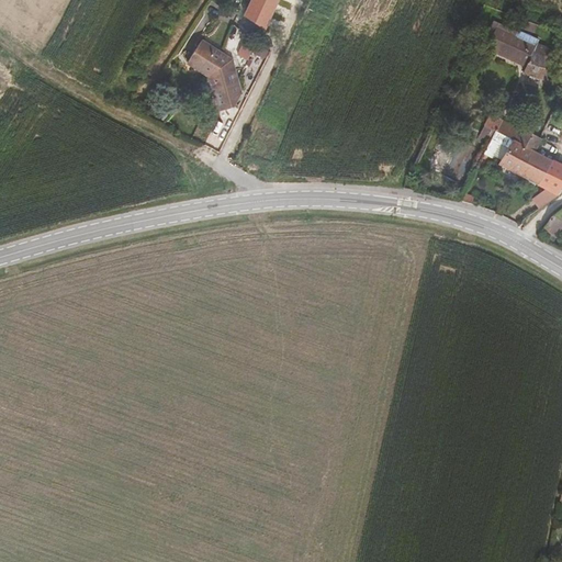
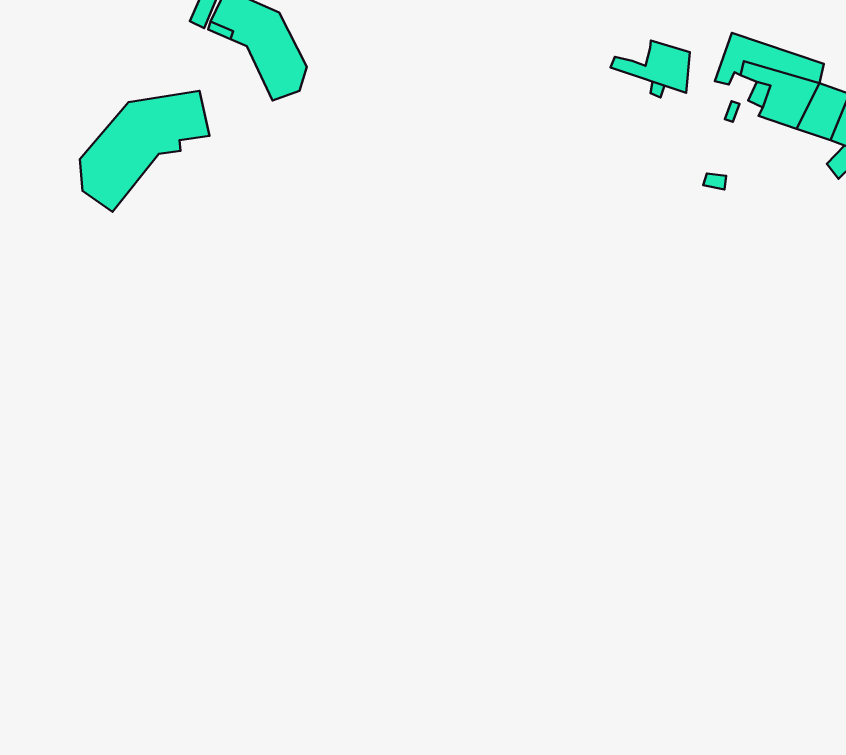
building: none -> [80,91,209,212]
building: none -> [611,40,690,93]

